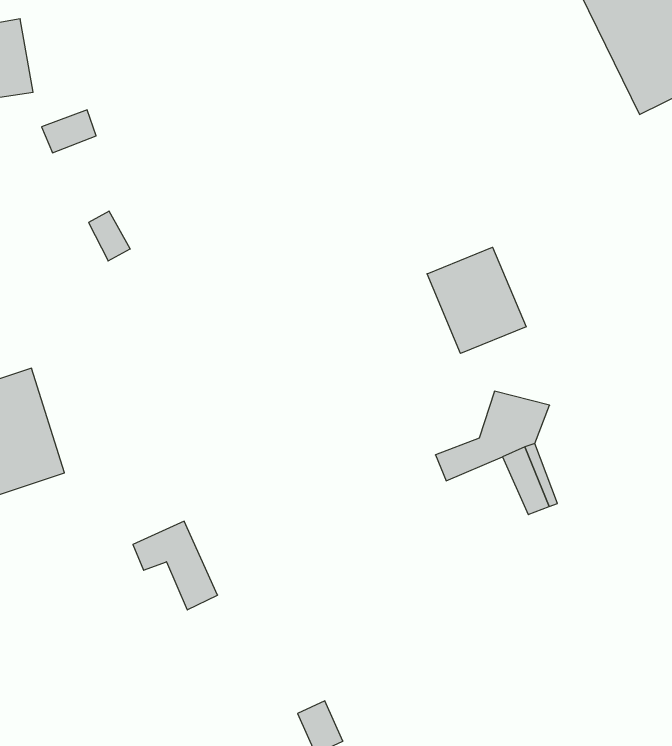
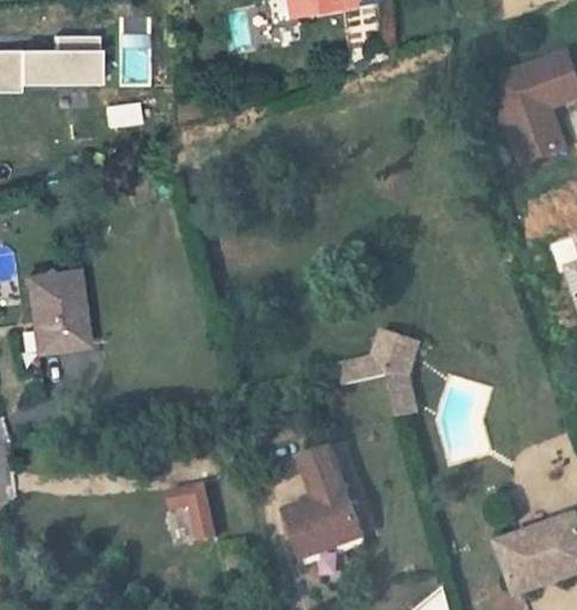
building: [427,247,526,353] -> none
building: [133,521,218,610] -> [166,478,219,540]
building: none -> [284,447,358,558]

